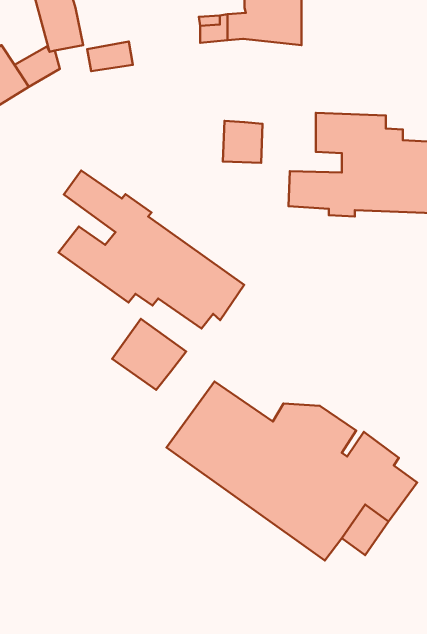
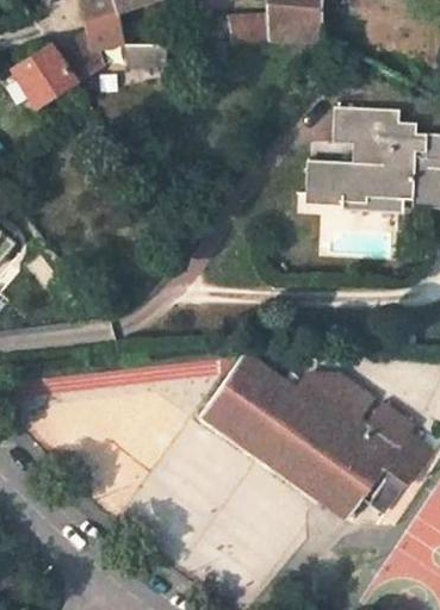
building: [223,121,262,163] -> none
building: [58,170,244,328] -> none
building: [112,319,186,390] -> none

